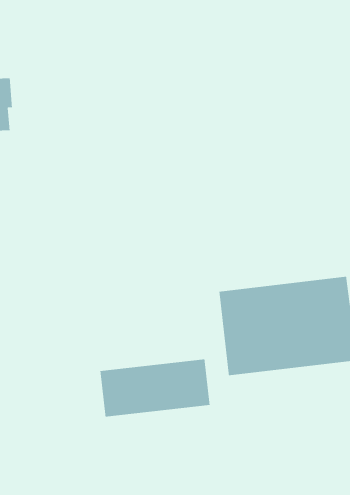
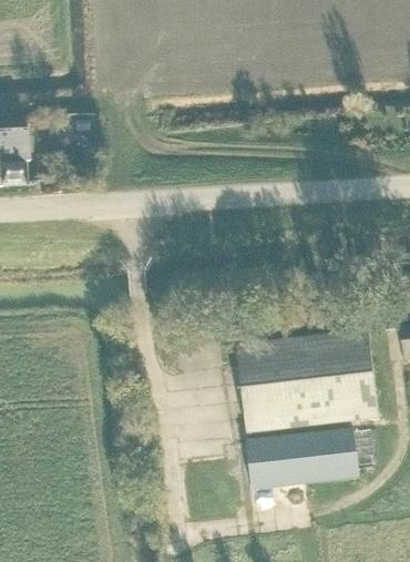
building: [100,359,211,417] -> [245,428,358,488]

